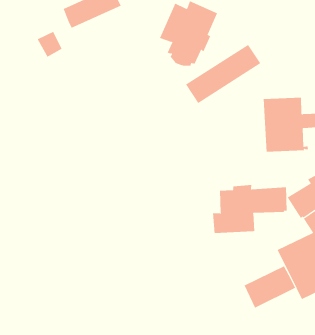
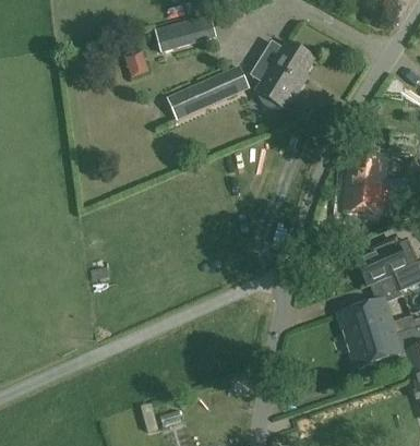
building: [185,44,261,104] -> [167,64,249,118]
building: [213,184,287,234] -> none
building: [244,265,296,309] -> none

